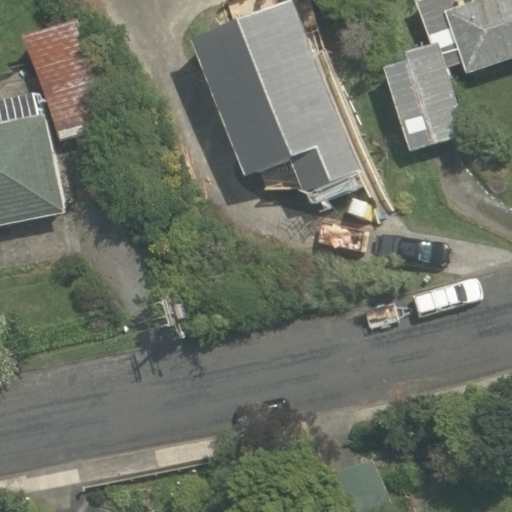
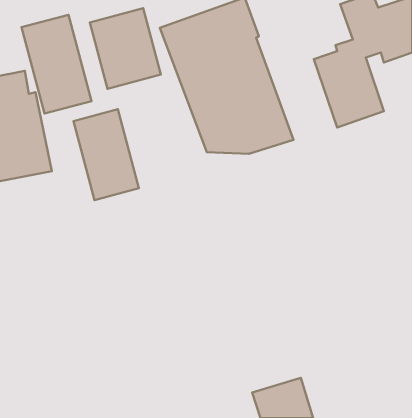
building: none -> [90,8,161,89]
building: none -> [73,109,139,200]

